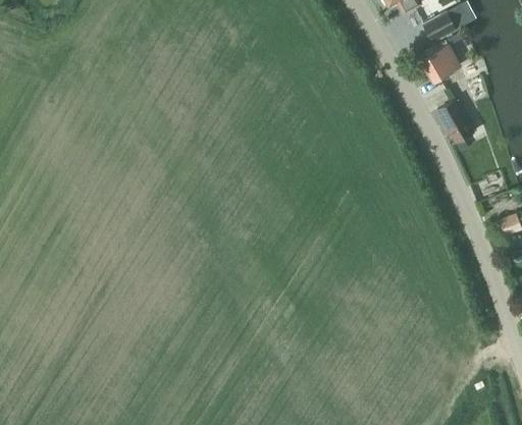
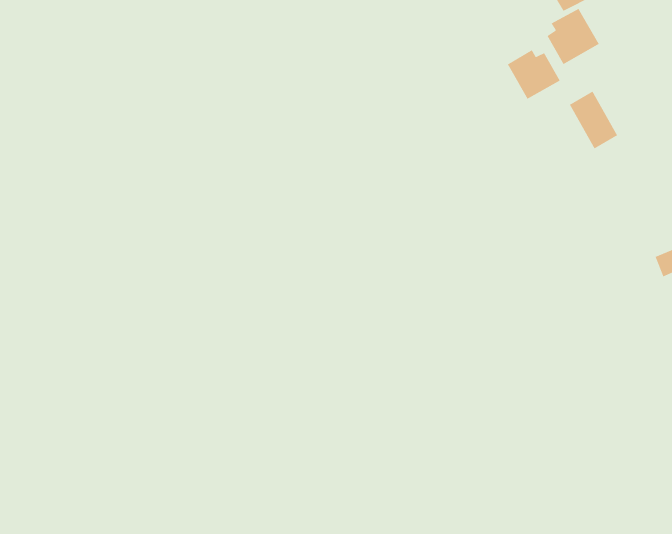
building: none -> [507,49,561,100]

